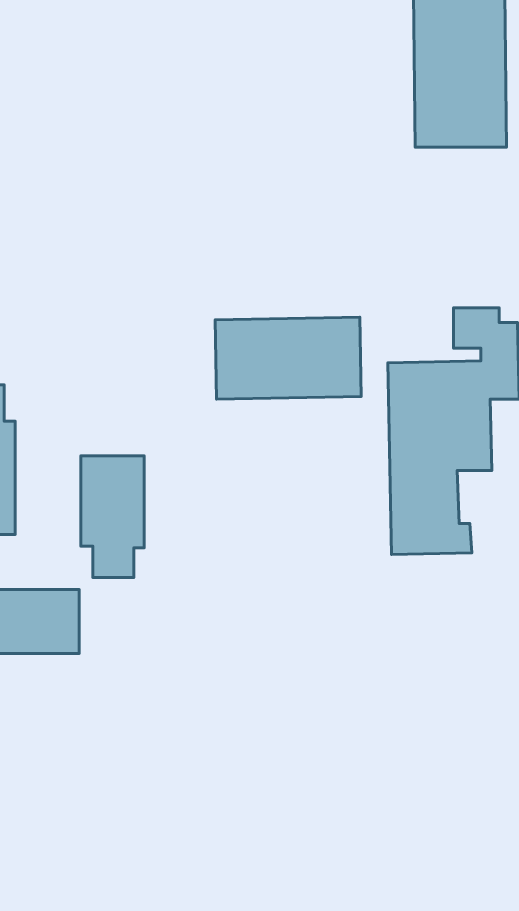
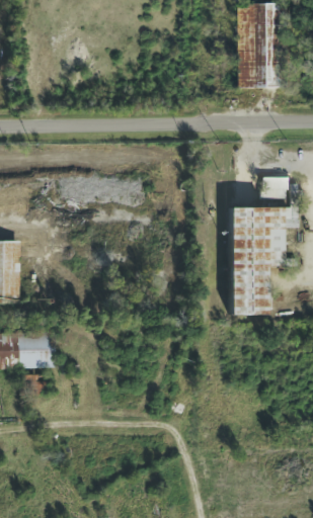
building: [215,317,361,399] -> none
building: [81,456,144,577] -> none

